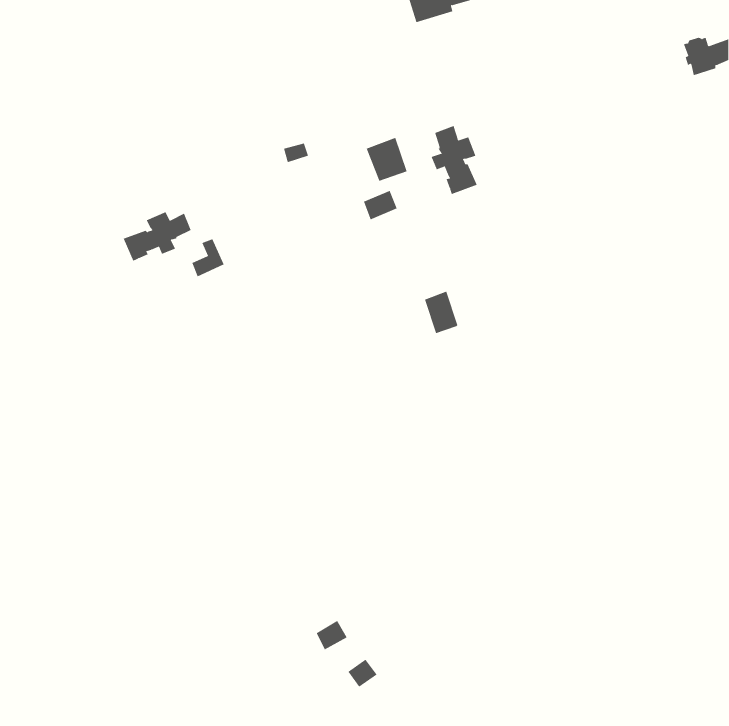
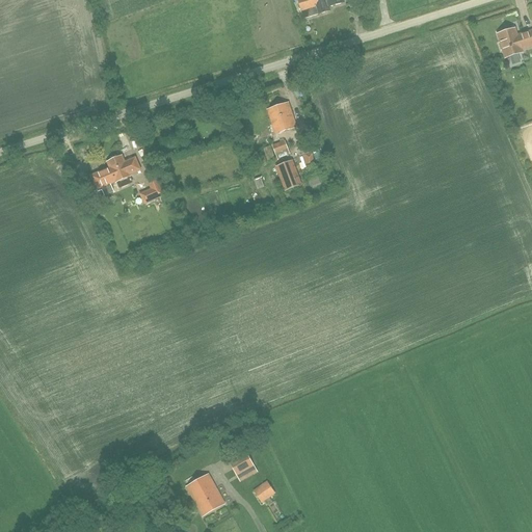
building: [431,125,477,195] -> none
building: [424,291,458,334] -> [278,157,303,188]
building: none -> [186,473,223,513]

